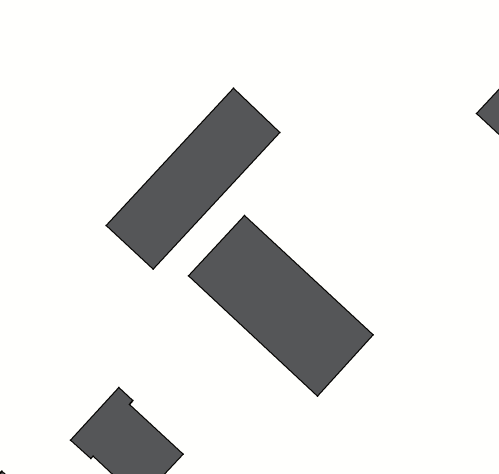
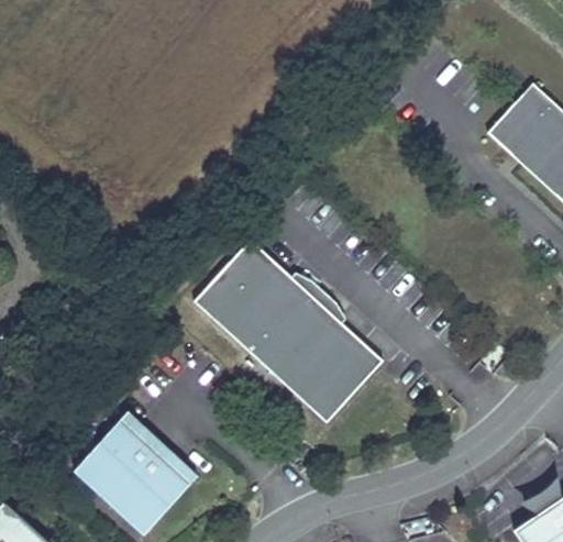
building: [106,88,280,269] -> none

